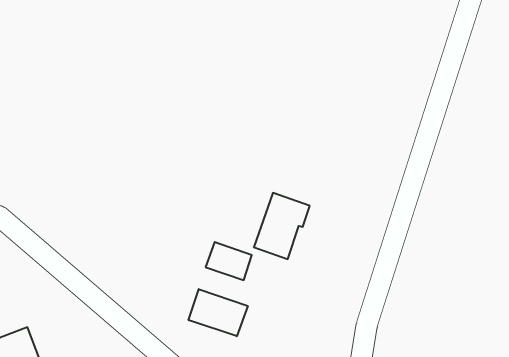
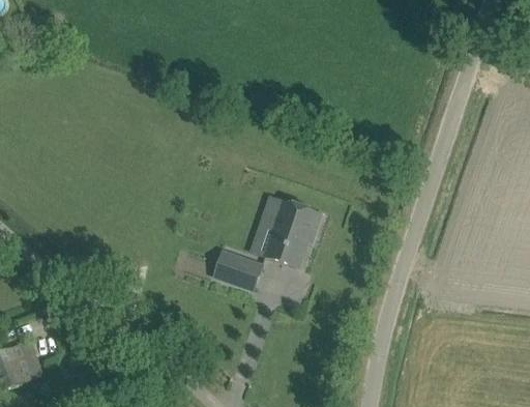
building: [189,289,248,336] -> none

